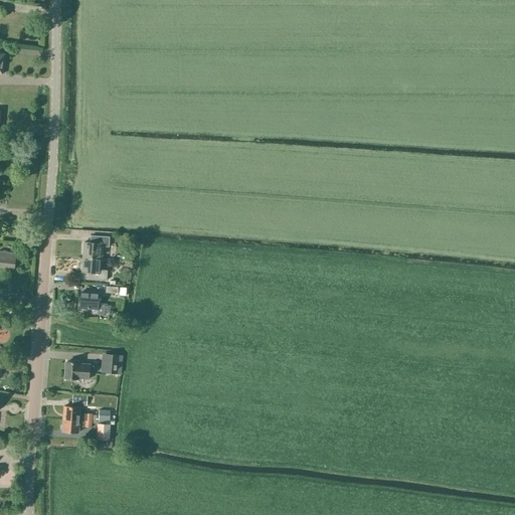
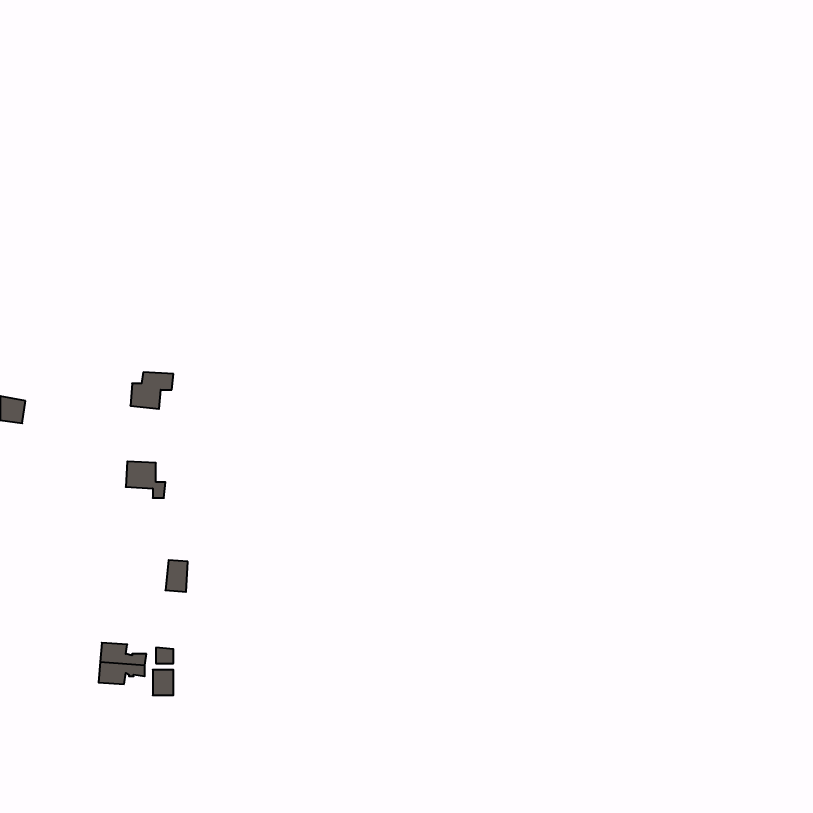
building: [81,256,107,281] -> none
building: [65,362,91,379] -> none

